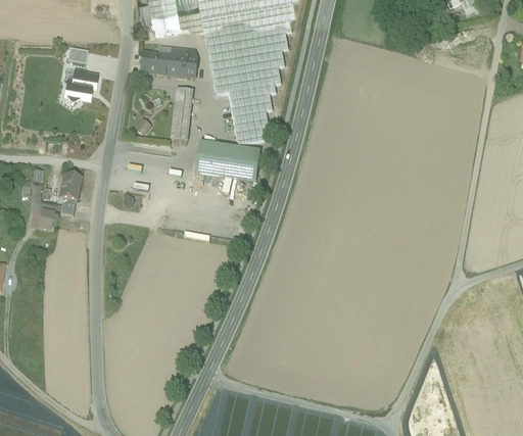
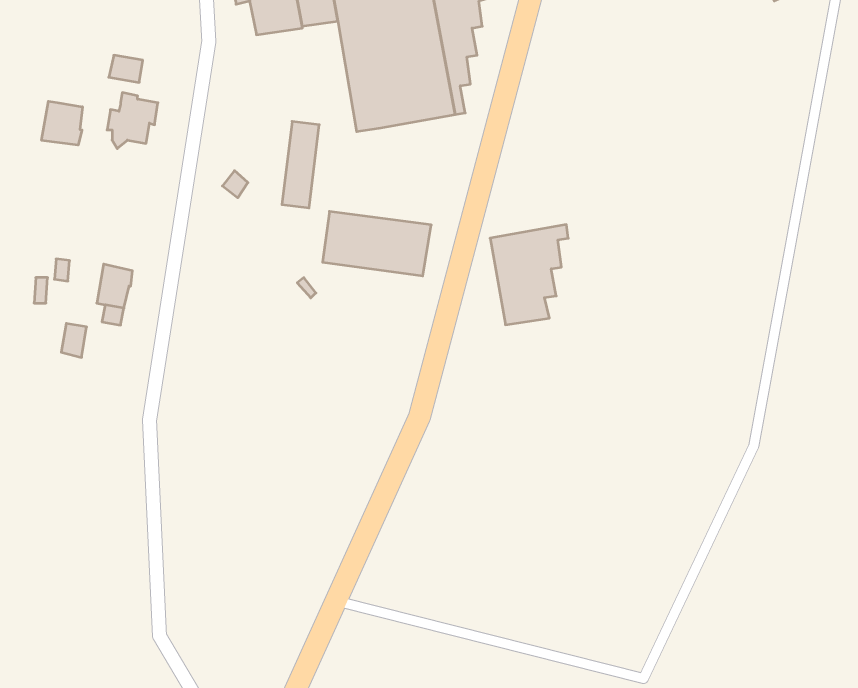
building: [139,45,197,77] -> none
building: none -> [42,101,82,145]
building: [229,83,276,143] -> [490,225,568,325]

